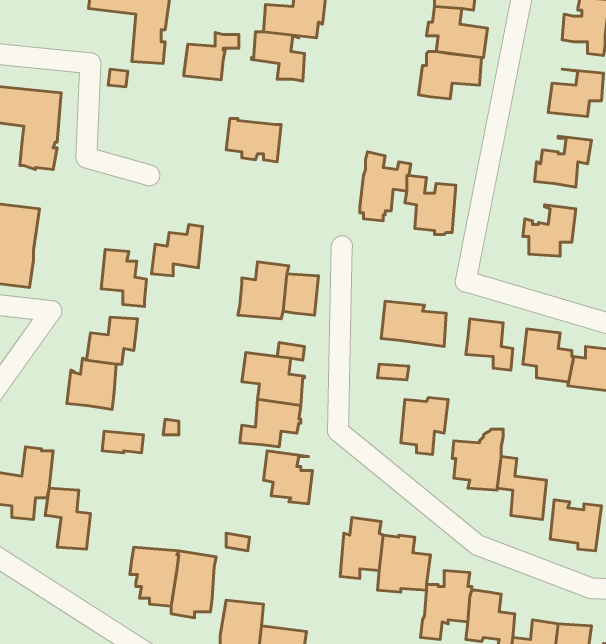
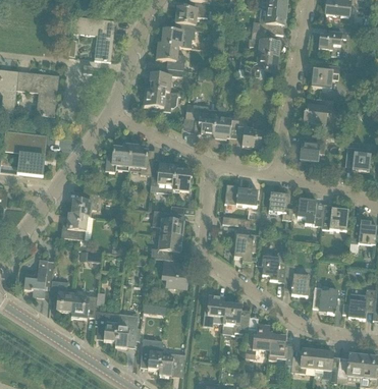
building: [184,33,239,80] -> [150,67,178,92]
building: none -> [192,104,216,134]
building: [101,250,147,307] -> [129,145,153,174]
building: none -> [71,293,97,318]

